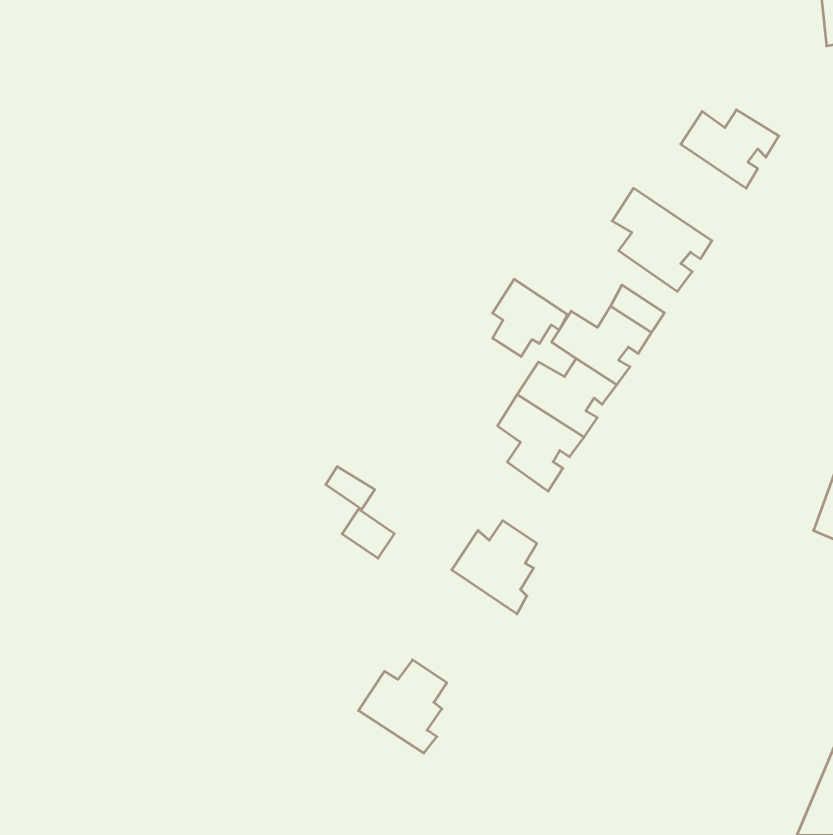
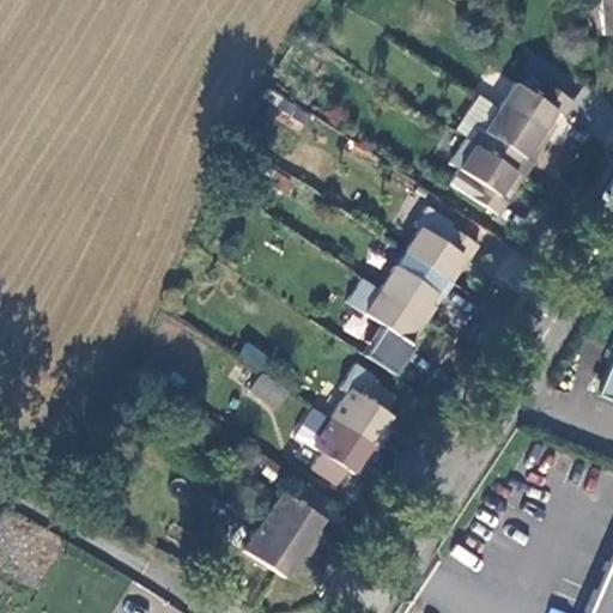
building: none -> [466,105,548,176]
building: [492,279,567,357] -> none
building: none -> [297,406,381,484]
building: none -> [244,520,312,577]

